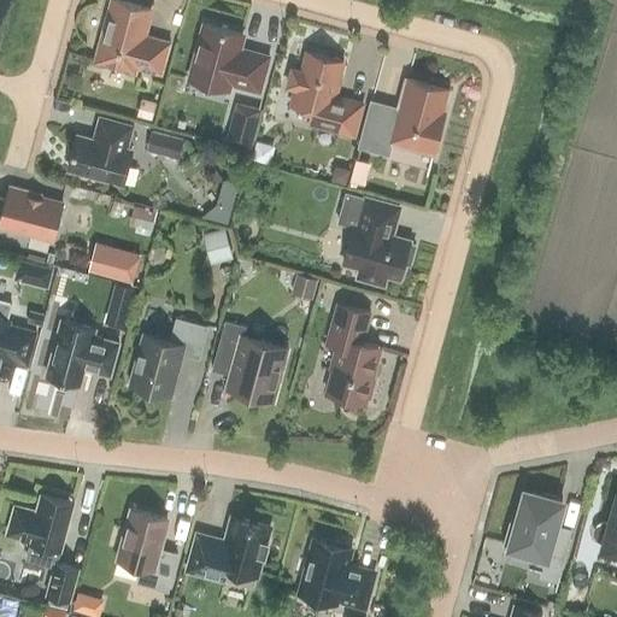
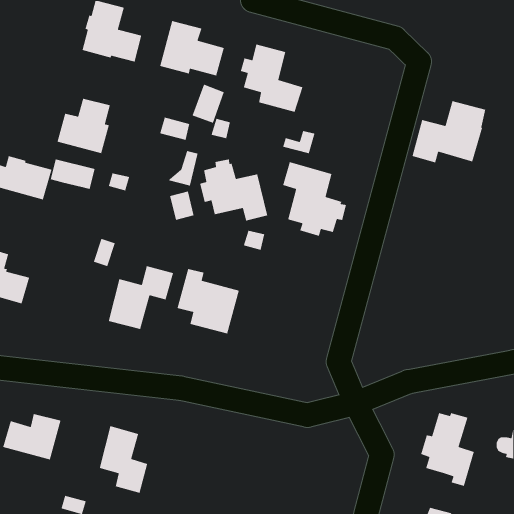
building: [359,80,448,155] -> [412,100,486,164]
building: [145,131,182,160] -> [159,117,190,141]
building: none -> [199,158,268,222]
building: [86,245,140,282] -> [50,159,95,190]
building: [325,305,380,404] -> none
building: [46,321,118,386] -> none
building: [188,517,269,587] -> none
building: [299,540,374,607] -> none
building: [24,543,78,604] -> none

